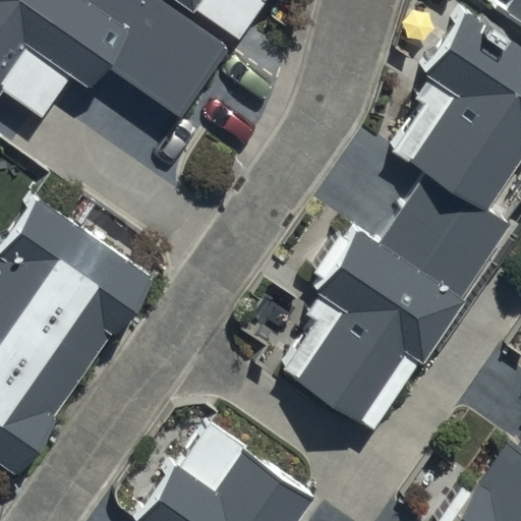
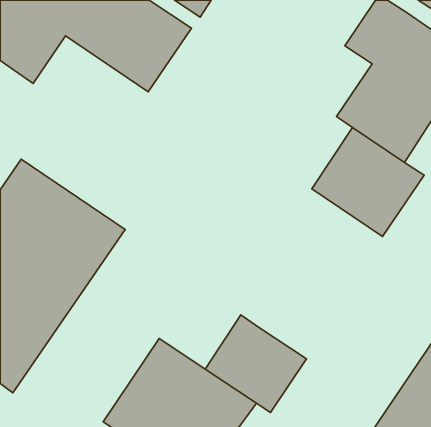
building: [290,219,462,431] -> none
building: none -> [205,315,306,412]

